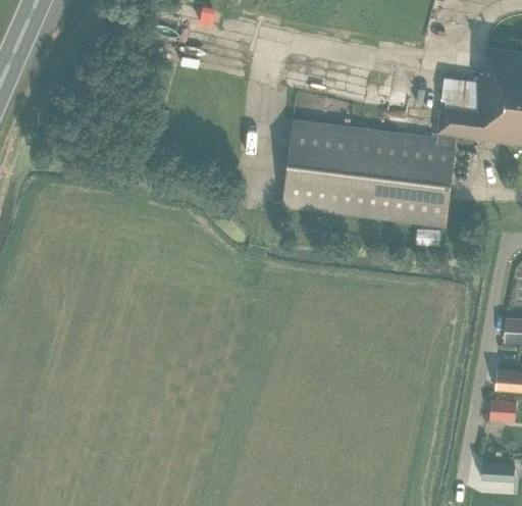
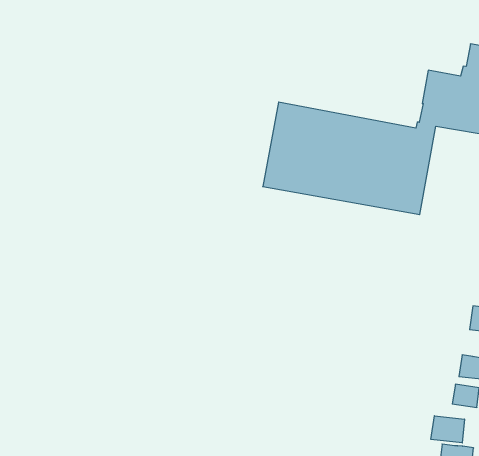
building: none -> [431,416,464,443]

